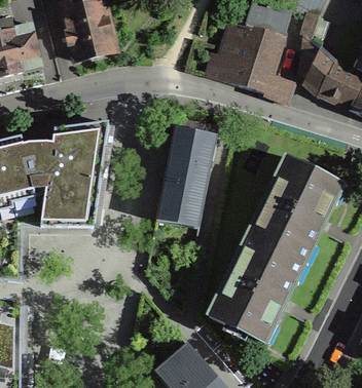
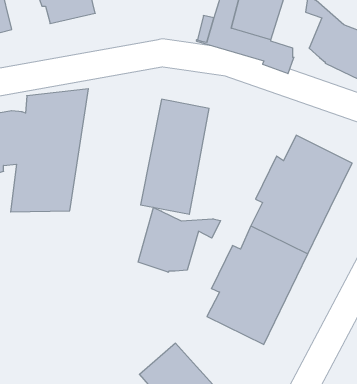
building: none -> [138,207,221,272]

